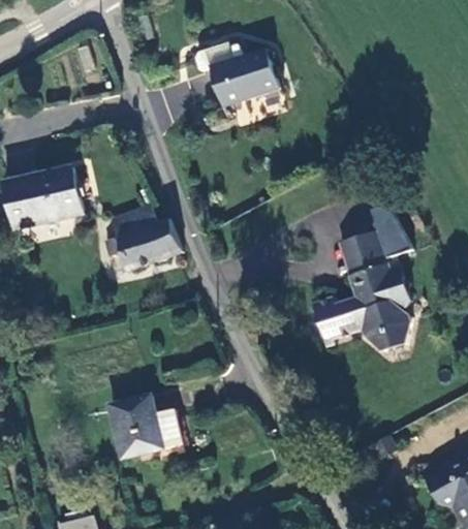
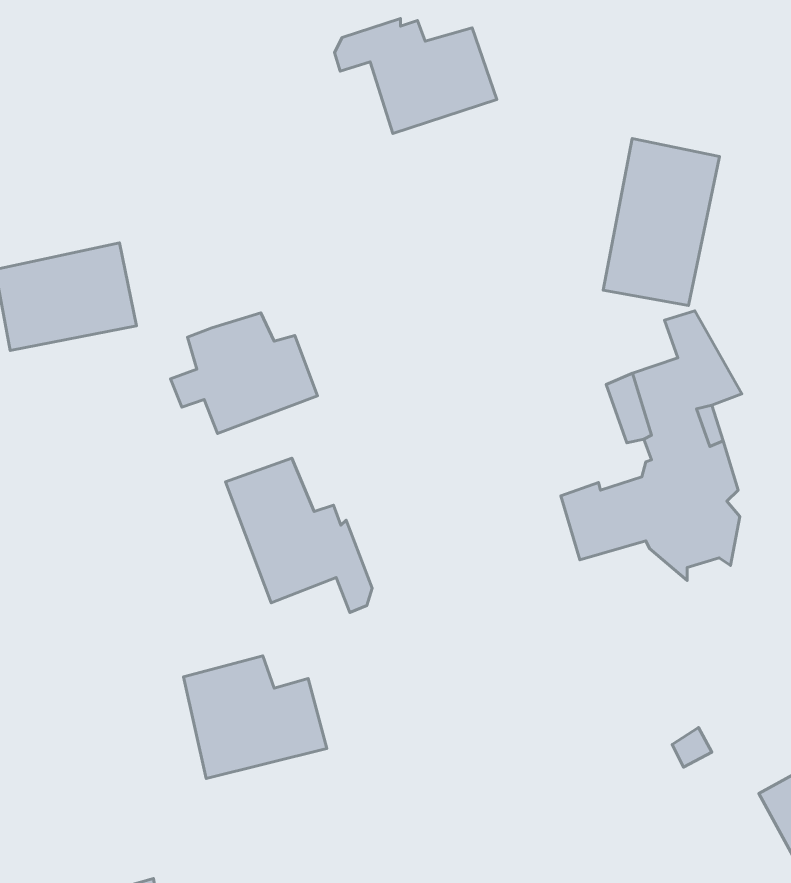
building: none -> [603,139,719,306]
building: none -> [226,458,372,612]

